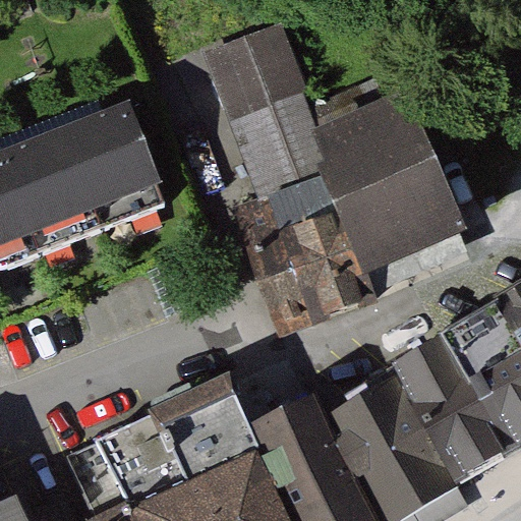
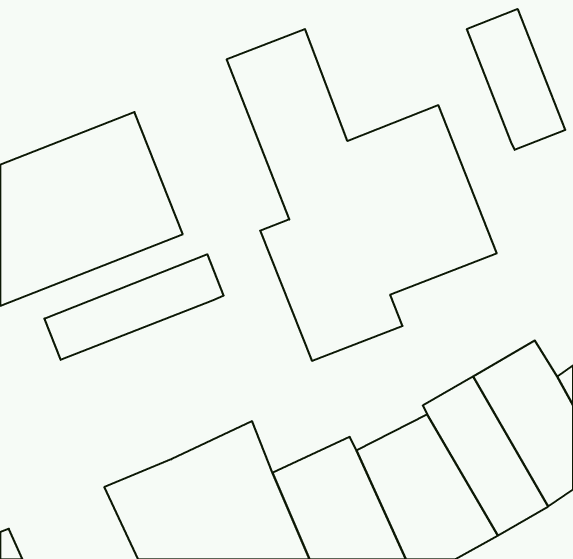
building: none -> [467,9,565,150]
building: none -> [44,254,224,360]

